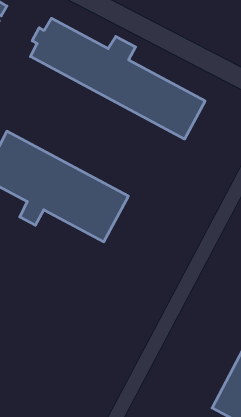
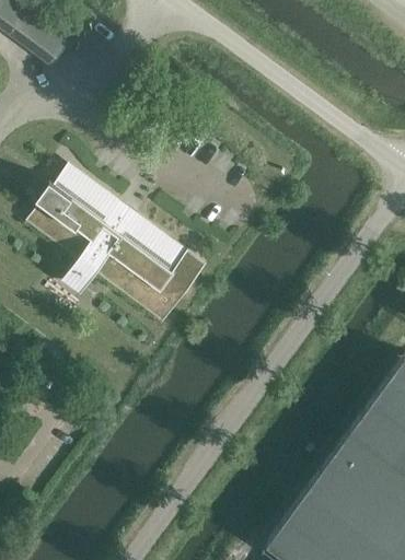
building: [30,18,205,139] -> none

